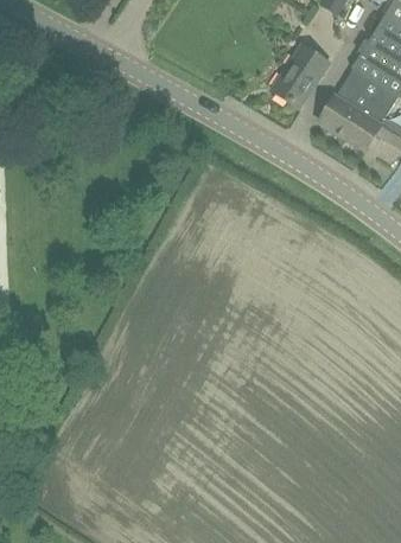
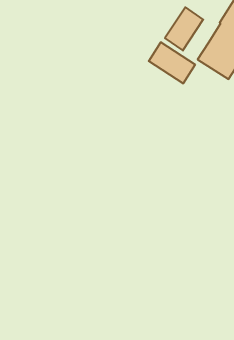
building: none -> [149,42,195,84]

